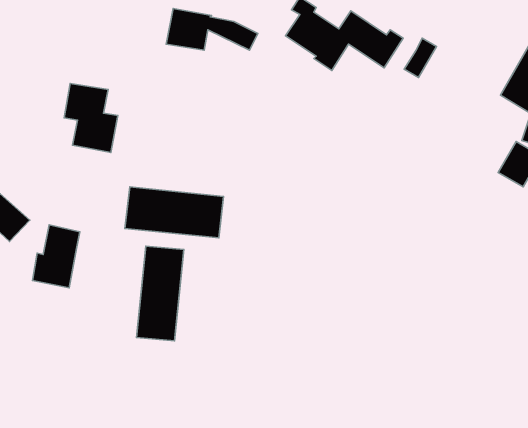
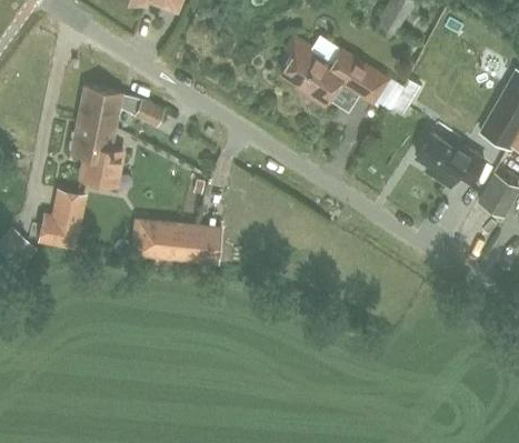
building: [166,8,258,50] -> [79,87,164,125]
building: none -> [416,122,485,185]
building: [32,225,80,288] -> [41,188,86,246]
building: [136,246,184,341] -> none

